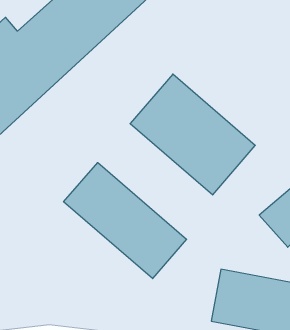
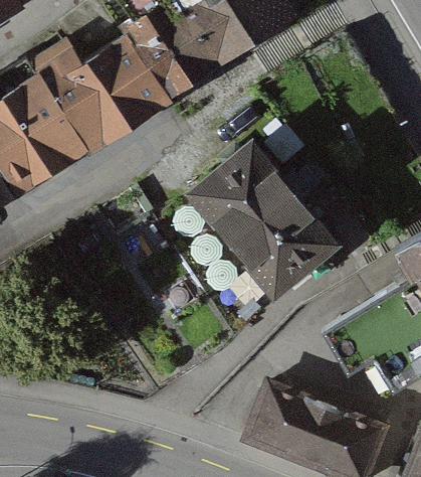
building: [64,163,187,279] -> none

